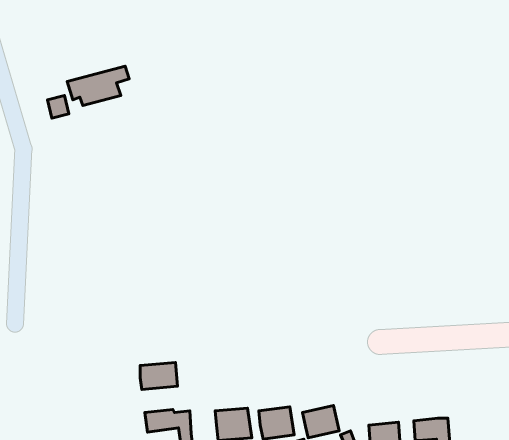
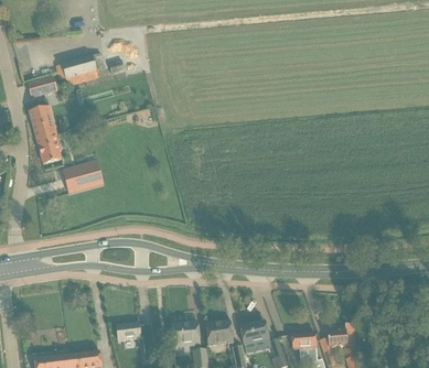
building: none -> [29,105,61,163]
building: none -> [63,160,103,192]
building: [140,362,177,389] -> none

